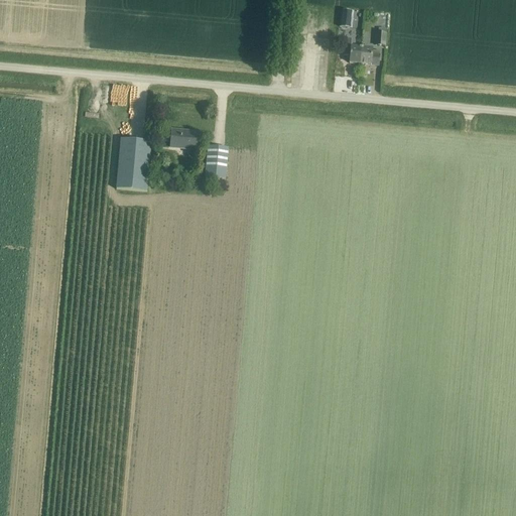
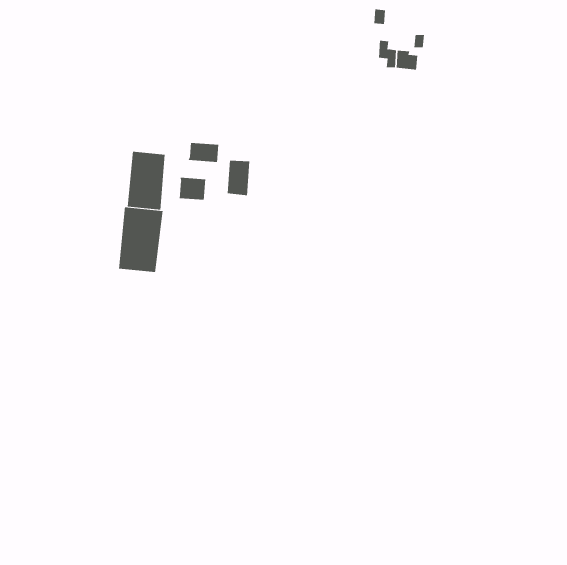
building: none -> [179,177,206,200]
building: none -> [118,207,163,273]

